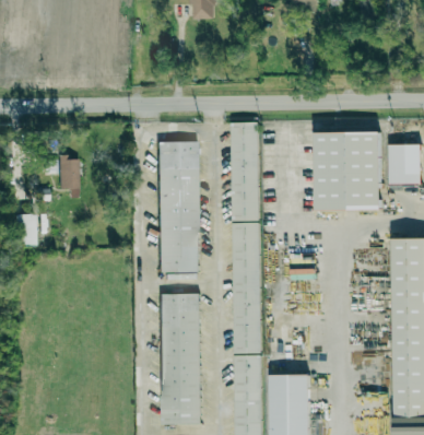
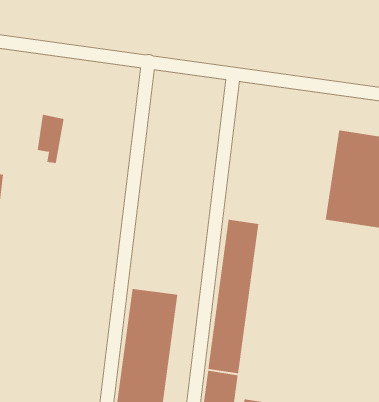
building: [231,122,260,222] -> none
building: [156,142,199,273] -> none

